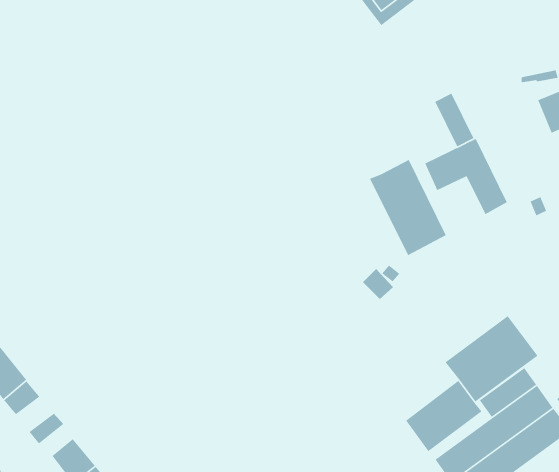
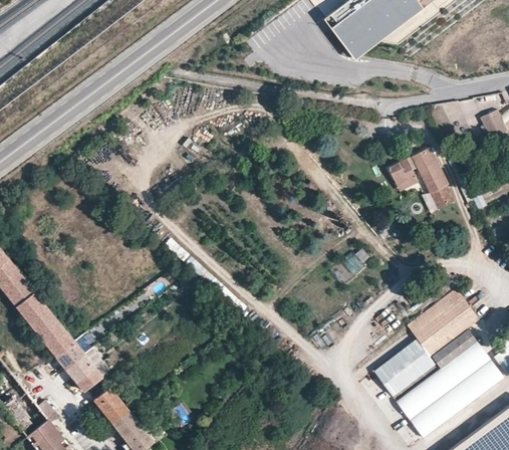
building: [434,93,475,147] -> none
building: [369,159,447,256] -> none
building: none -> [65,353,95,381]

